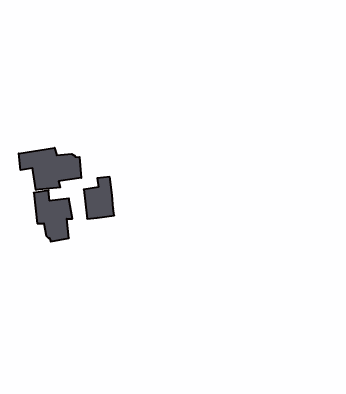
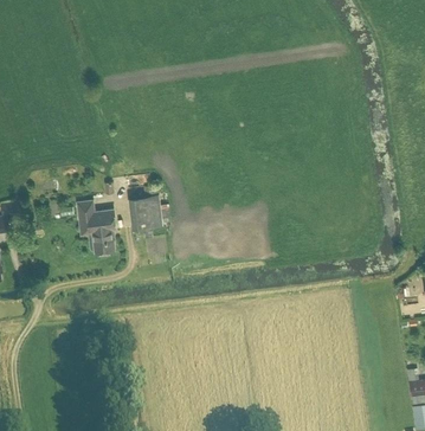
building: [19,148,81,190] -> none

